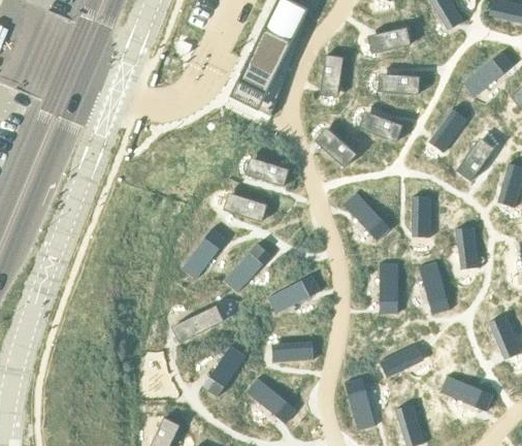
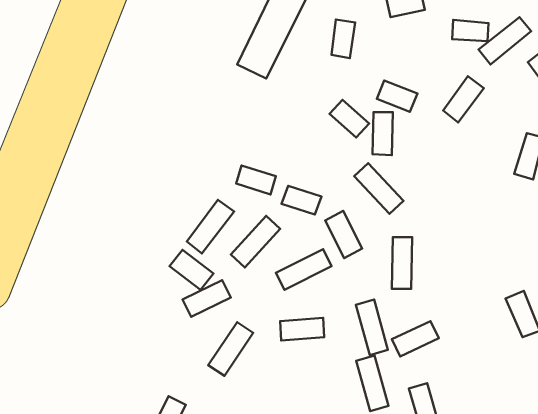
building: [385,73,420,94] -> [452,20,489,41]
building: [456,142,490,182] -> none
building: [251,159,289,187] -> [282,186,321,215]
building: [412,196,431,237] -> [373,112,393,155]
building: [455,226,479,269] -> none
building: none -> [325,211,362,258]
building: [419,261,450,315] -> [356,299,388,355]
building: none -> [170,250,213,290]
building: [439,375,493,412] -> none
building: [246,377,296,423] -> none

